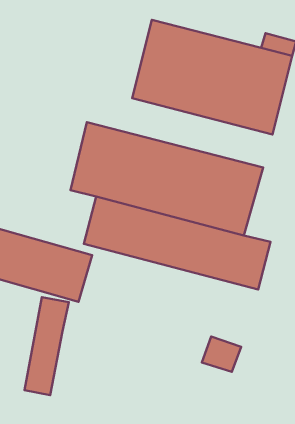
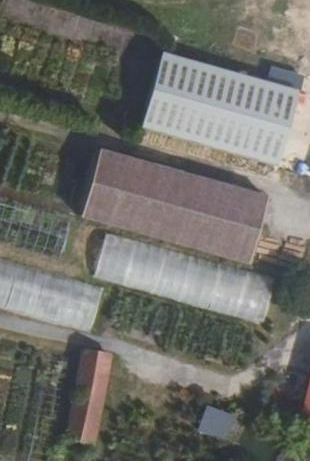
building: [24,297,69,395] -> [71,341,114,436]
building: [202,337,241,372] -> [195,402,233,436]

